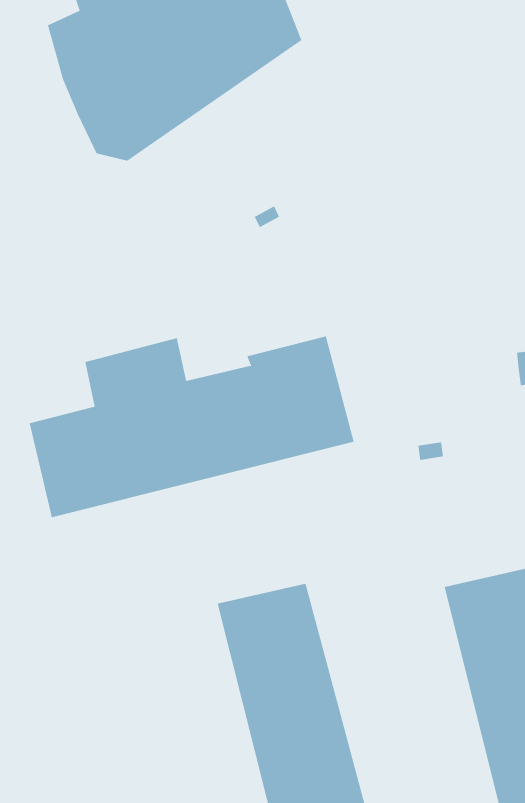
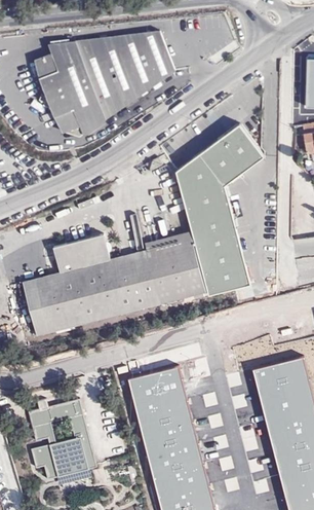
building: none -> [174,123,263,295]
building: none -> [28,400,97,486]

